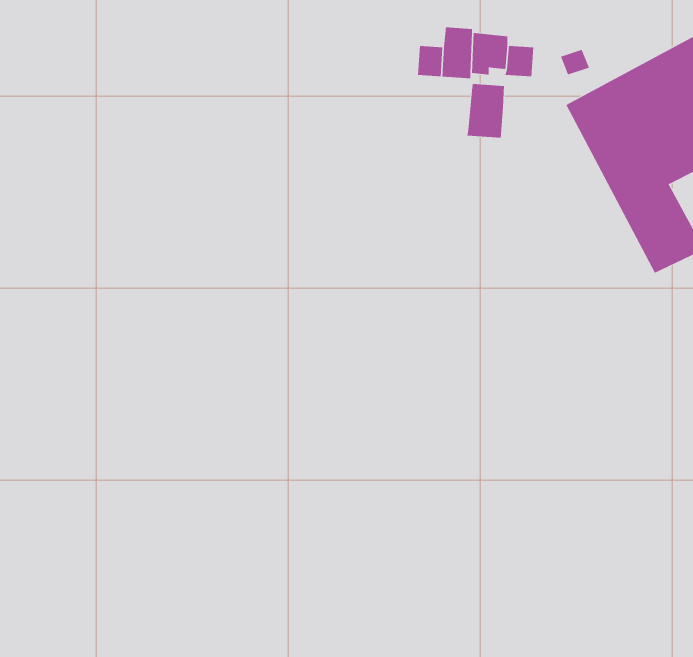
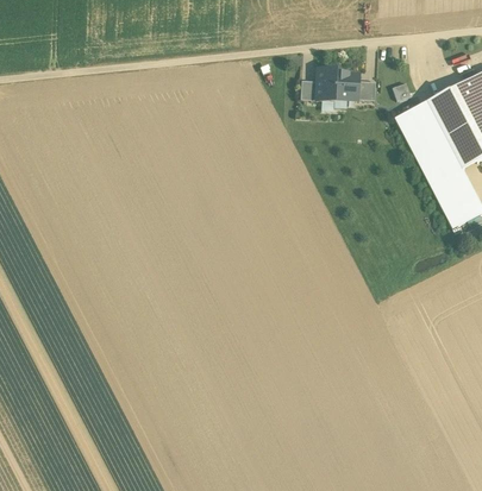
building: [467,83,505,139] -> none

